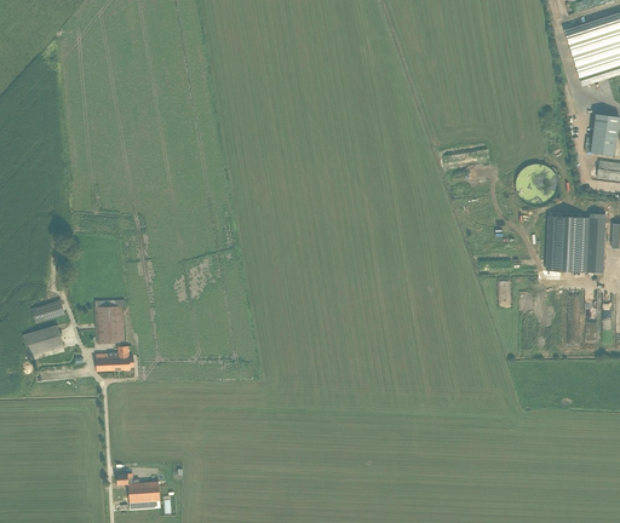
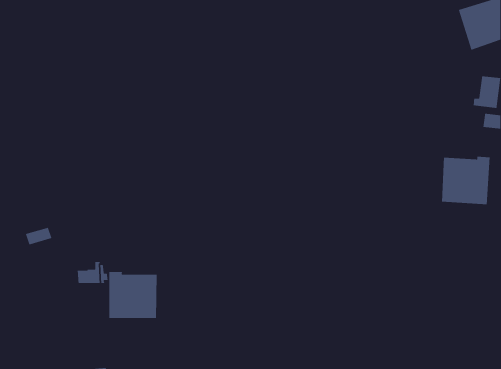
building: [96,300,125,343] -> none
building: [22,323,64,356] -> none
building: none -> [108,271,158,319]

